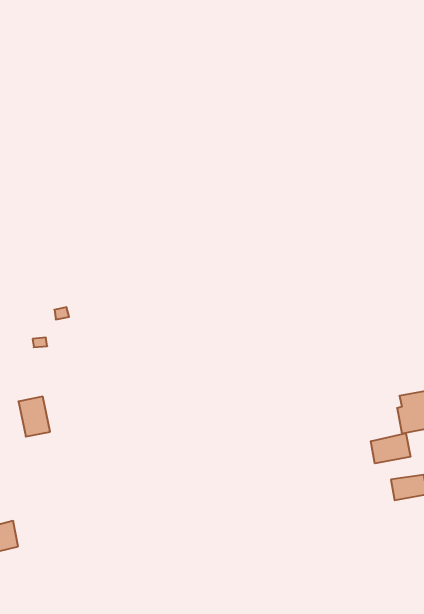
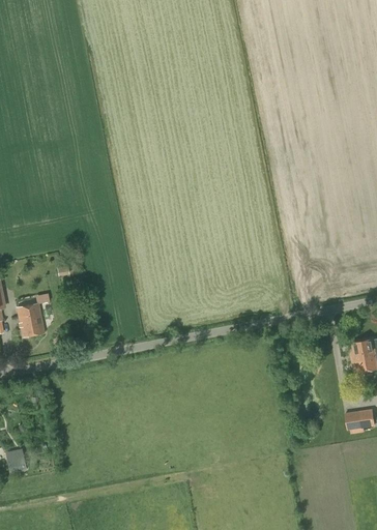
building: [18,397,50,437] -> [18,303,45,337]
building: [371,433,410,463] -> none

